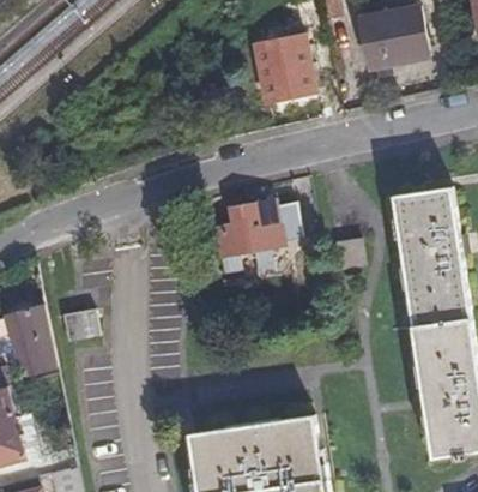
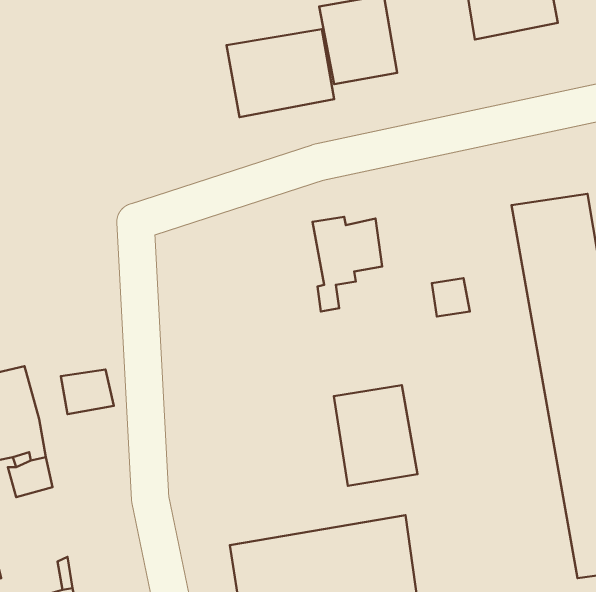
building: none -> [227,29,334,117]
building: [213,202,256,269] -> none
building: none -> [334,385,417,486]

